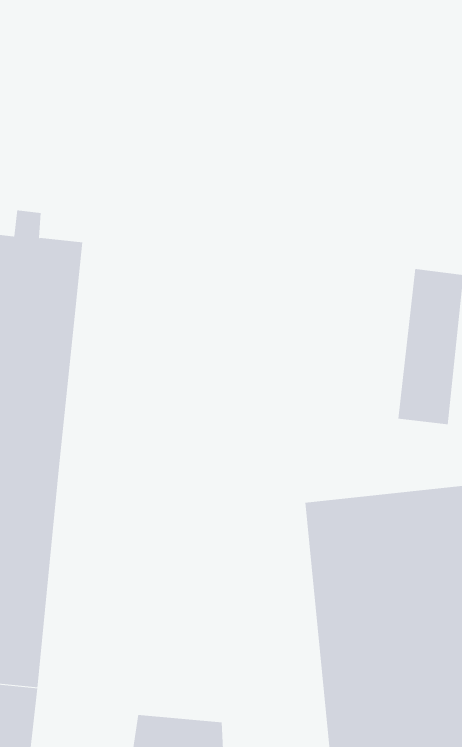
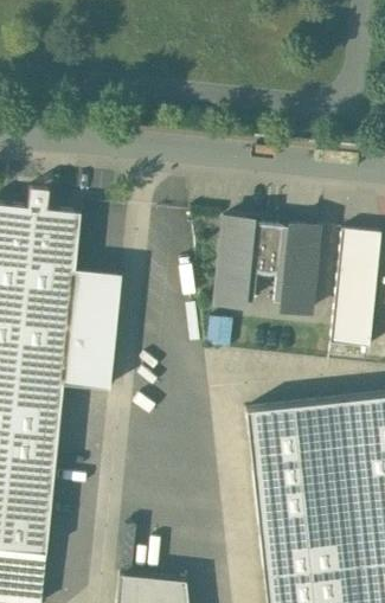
building: none -> [216,217,319,313]
building: none -> [63,269,121,389]

